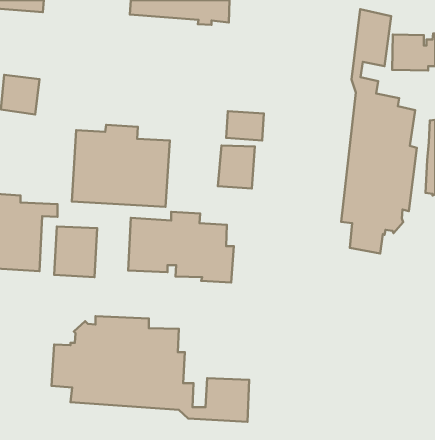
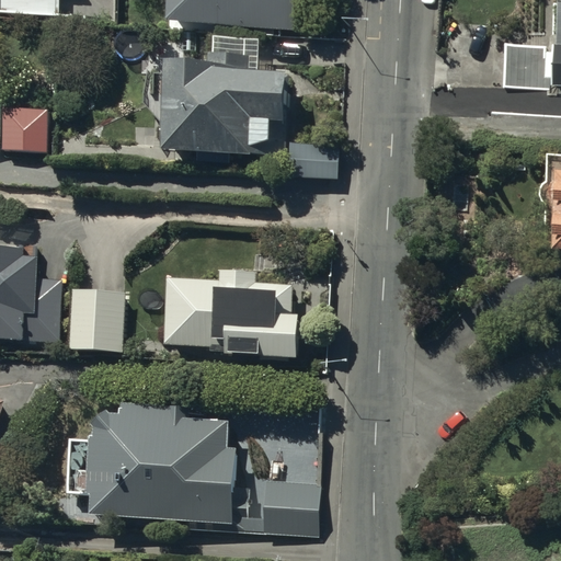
building: [341,9,417,254] -> none
building: [72,125,170,207] -> [163,49,288,153]
building: [218,145,255,189] -> none

